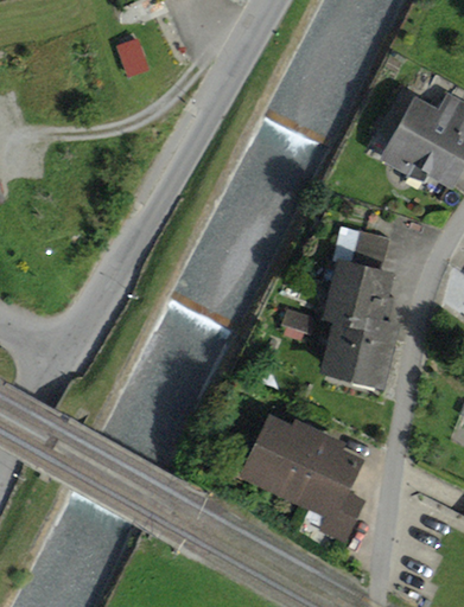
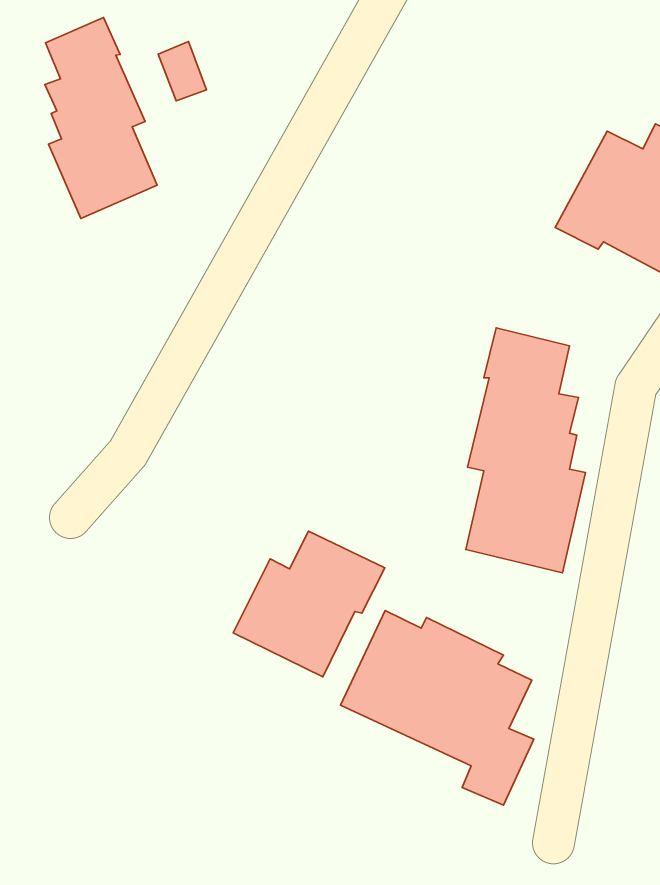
building: none -> [45,17,157,218]
building: none -> [233,531,385,677]

